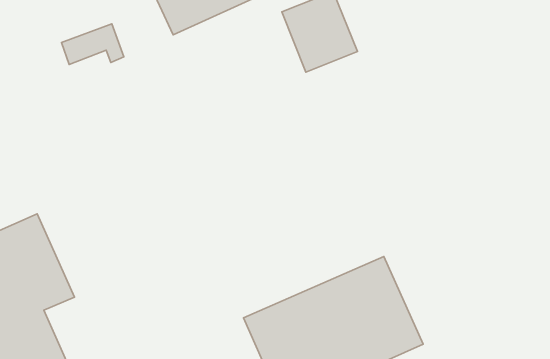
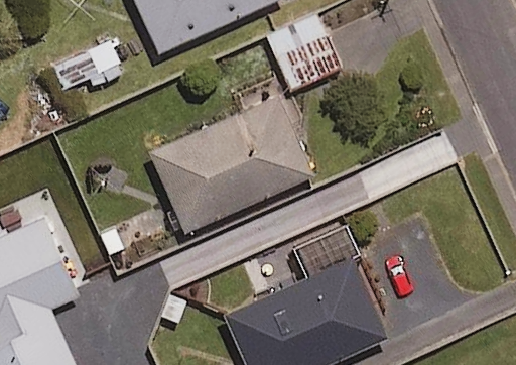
building: none -> [152,94,317,232]

